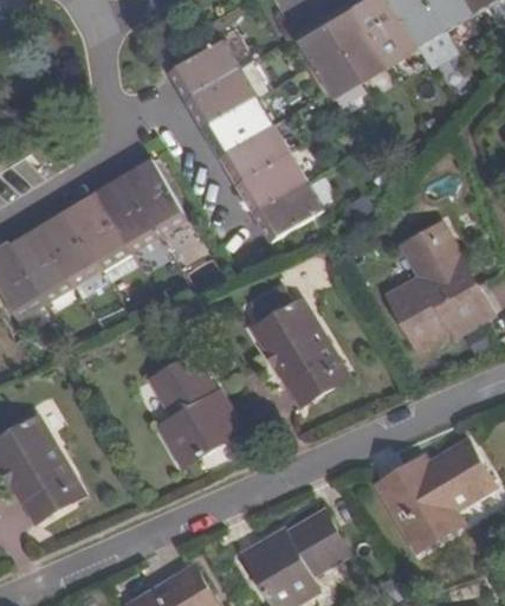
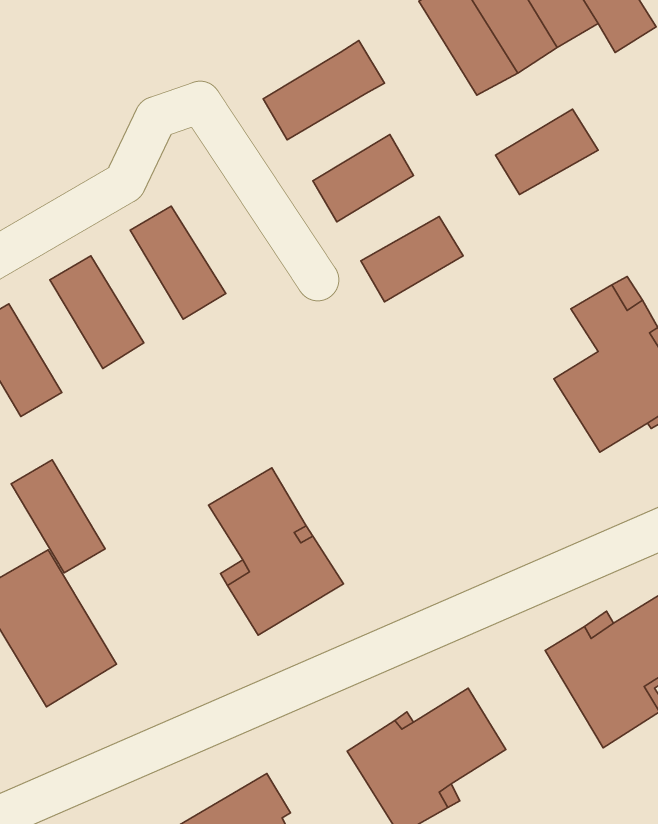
building: [168,39,238,99] -> none
building: [201,96,272,156] -> none
building: [235,153,306,212] -> [496,109,598,195]
building: [121,157,186,234] -> none
building: [65,191,129,269] -> none
building: [8,225,73,303] -> [11,460,105,573]
building: [253,299,349,408] -> none

